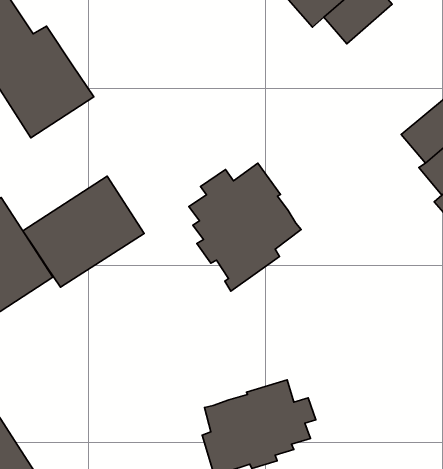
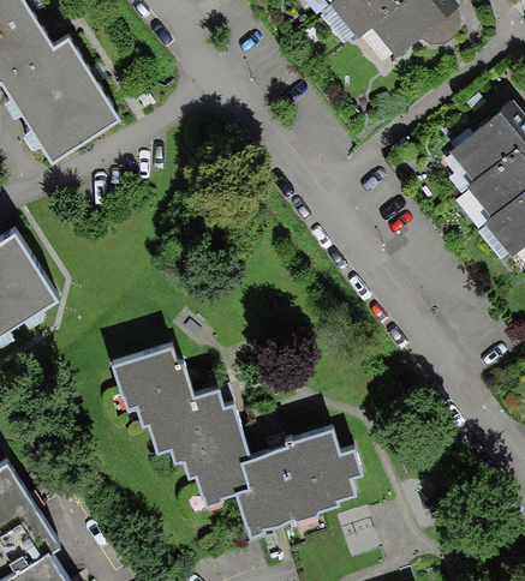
building: [189,163,301,291] -> none
building: [23,176,144,287] -> none
building: none -> [112,342,249,501]

